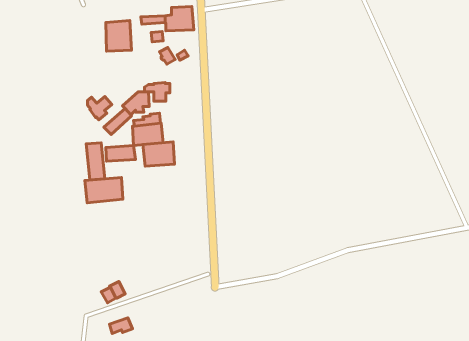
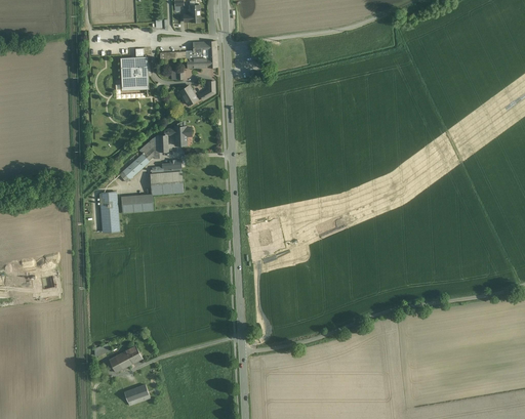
building: [87,96,112,120] -> none
building: [143,142,174,166] -> none
building: [85,177,123,203] -> none

